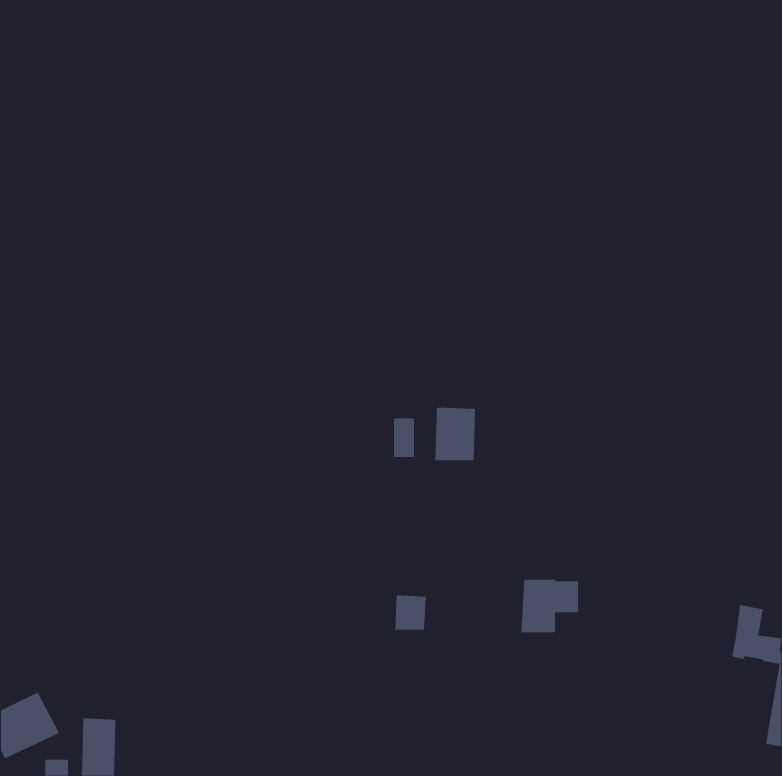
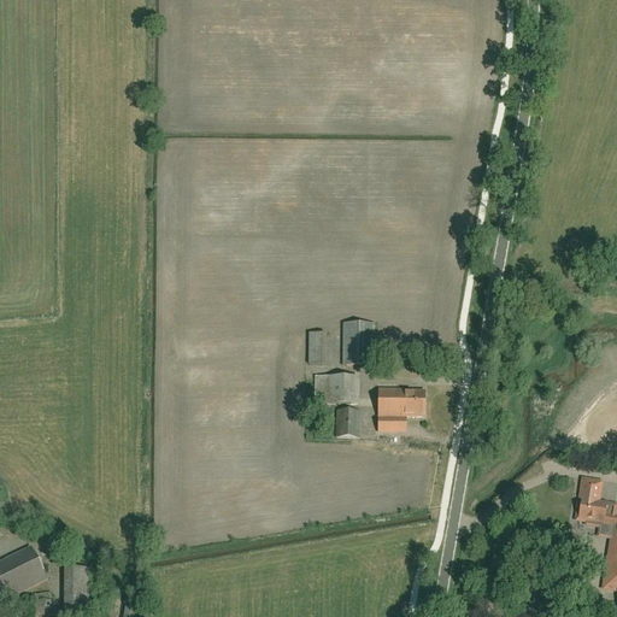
building: none -> [325,374,359,402]
building: [521,579,579,633] -> [377,388,423,430]
building: [394,595,426,630] -> [335,407,360,435]

